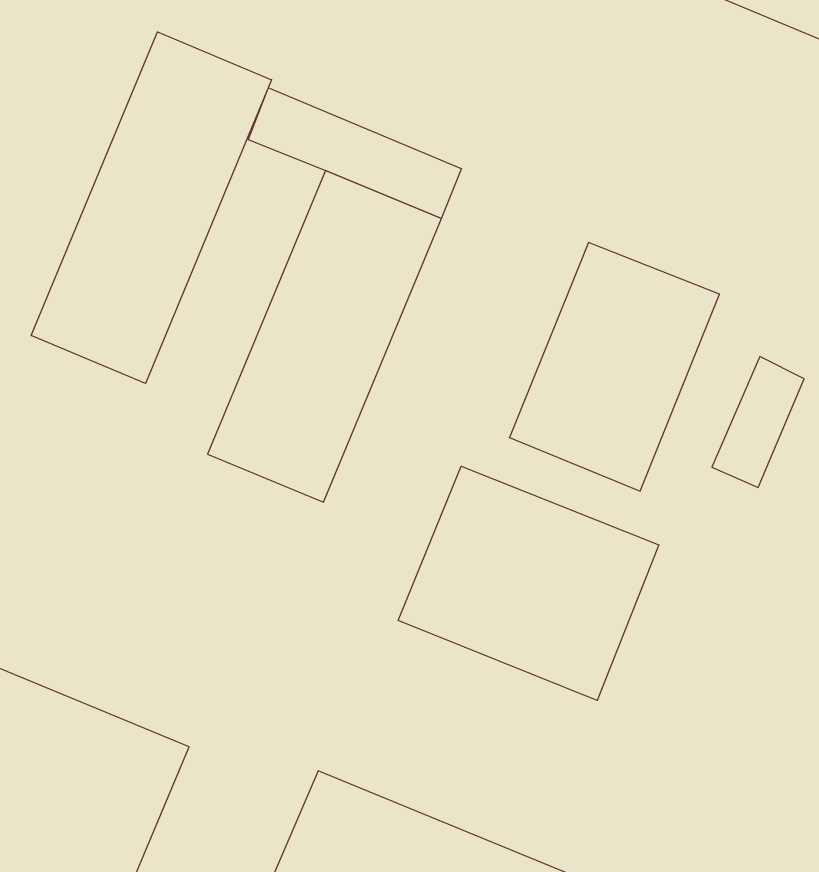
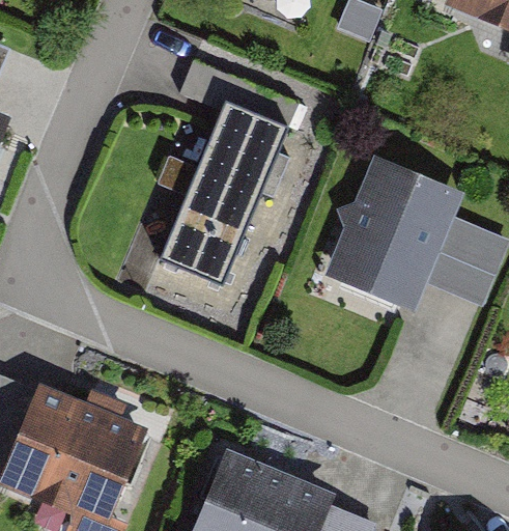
building: [31,32,272,383] -> none
building: [398,466,659,700] -> none

